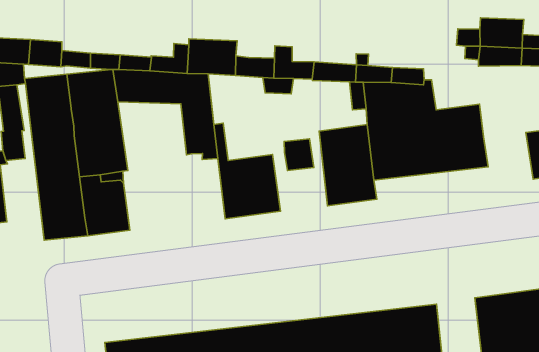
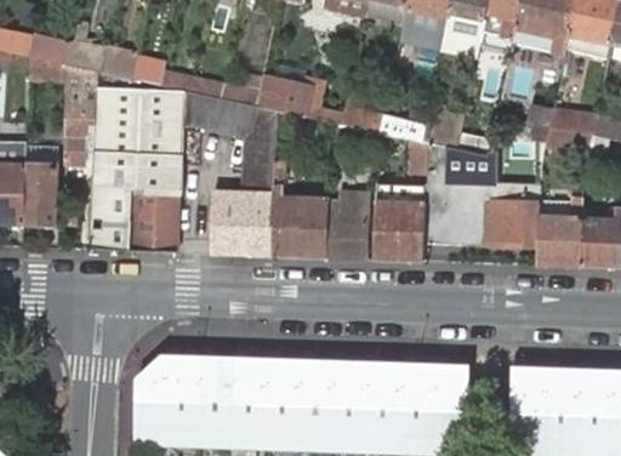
building: none -> [540,195,582,263]
building: none -> [327,198,368,256]
building: none -> [212,190,274,253]

